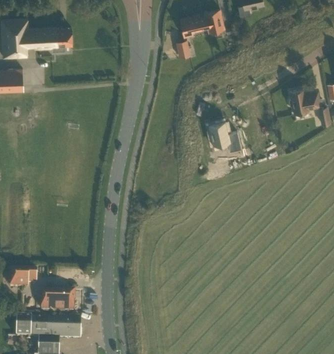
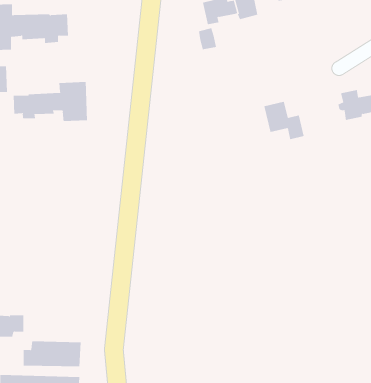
building: none -> [13,81,87,122]
building: [208,120,241,151] -> [263,101,305,140]

